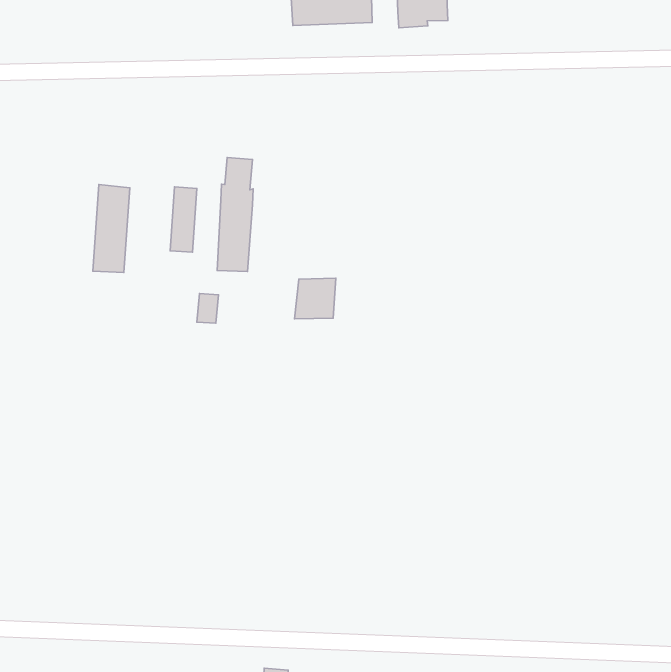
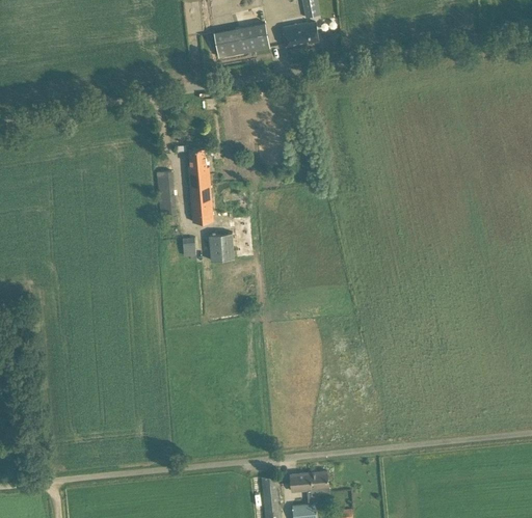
building: [93,185,130,273] -> none
building: [295,278,336,319] -> [210,233,236,263]

